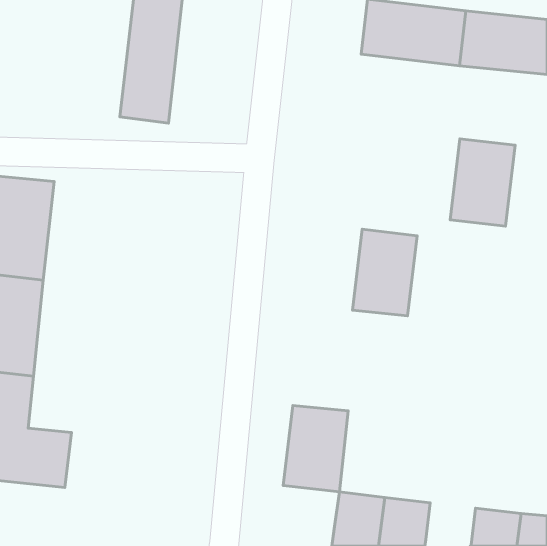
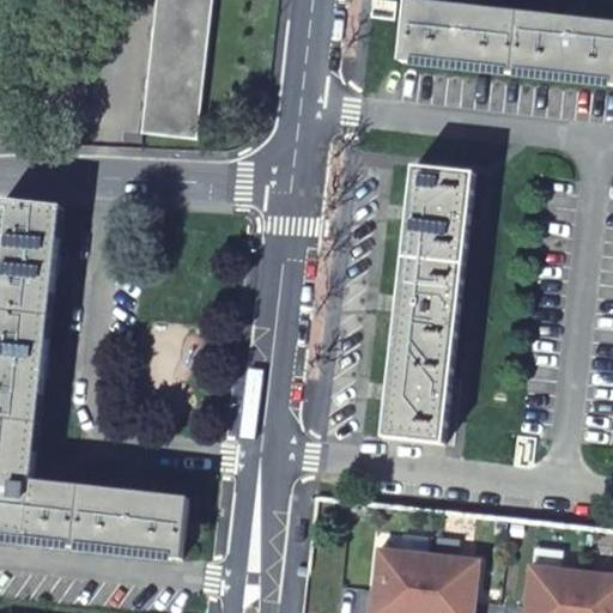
building: [450,139,515,226] -> [401,164,473,261]
building: [283,405,348,492] -> [380,344,451,439]
building: none -> [72,479,187,552]

